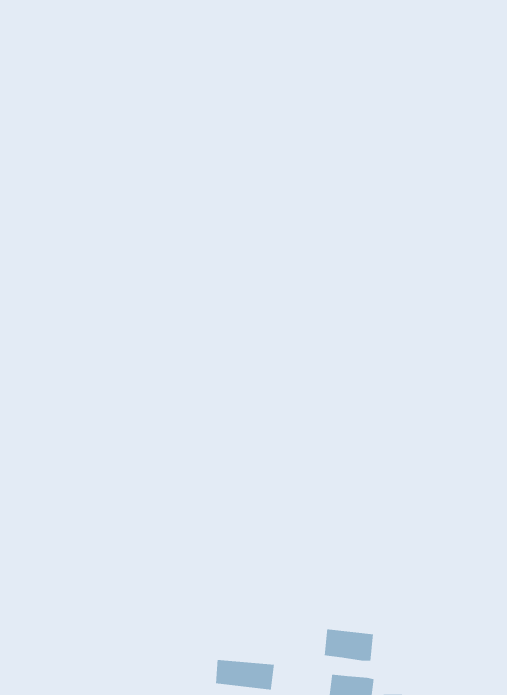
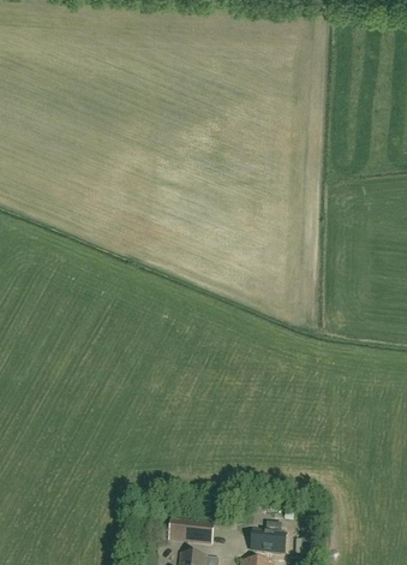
building: [324,628,374,661] -> none

